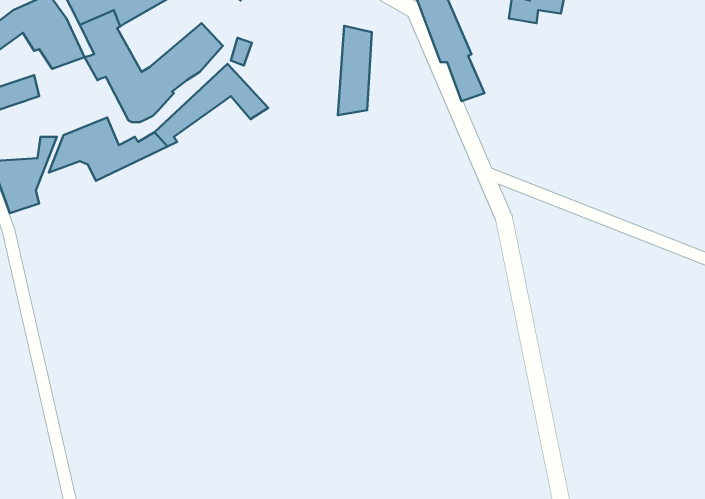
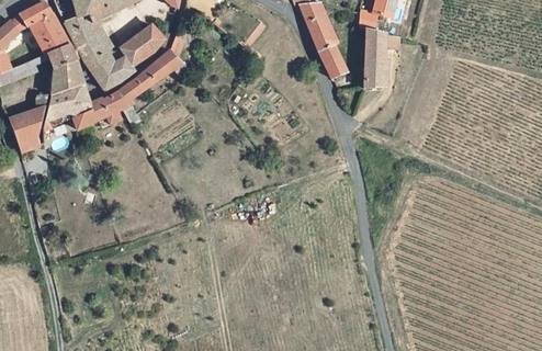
building: [338,26,372,115] -> [360,29,383,89]
building: none -> [52,46,89,99]

